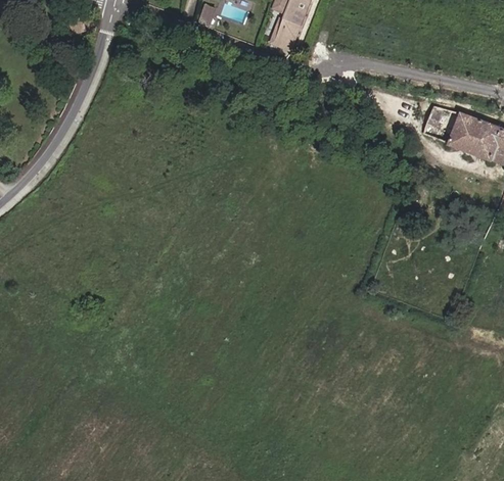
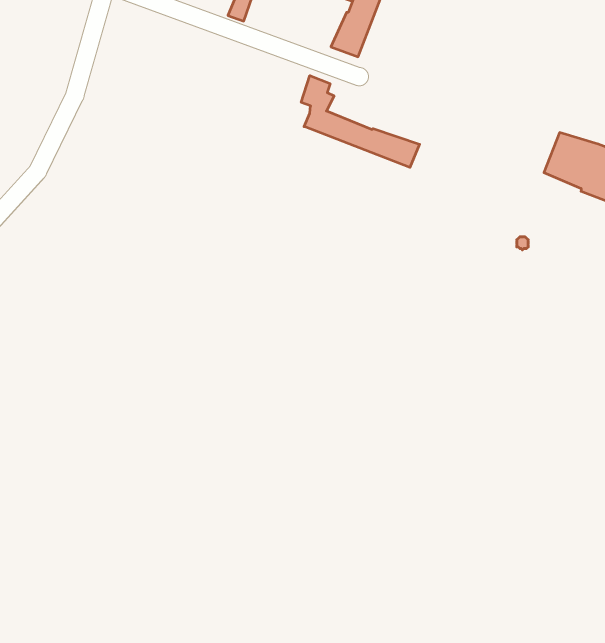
building: none -> [301,76,420,167]

